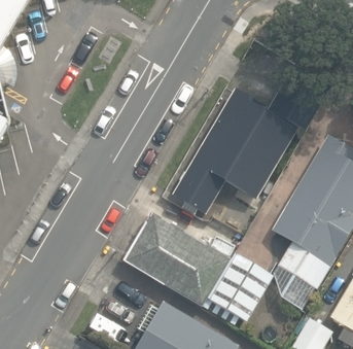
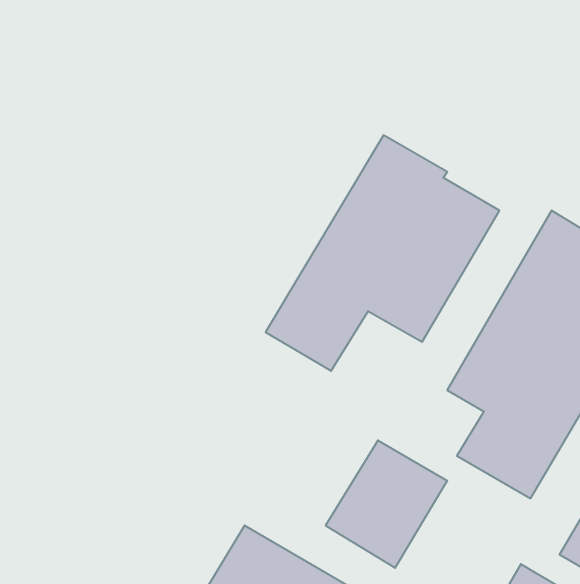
building: [119,211,226,306] -> none

